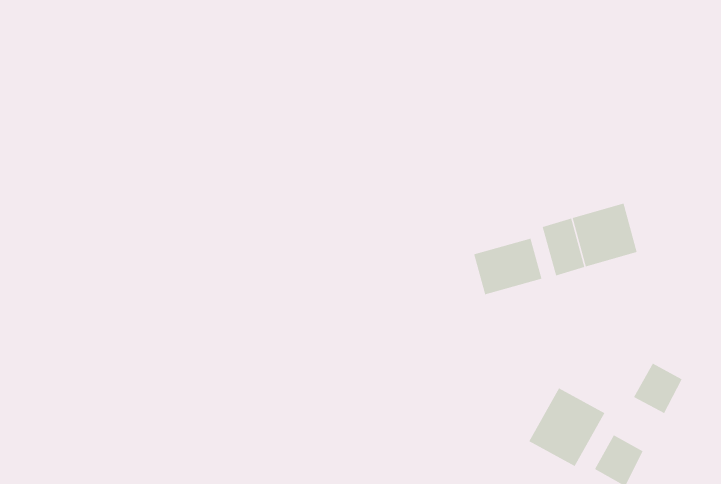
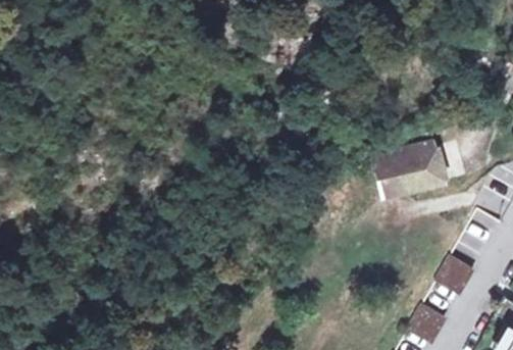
building: [474,238,542,295] -> none
building: [529,388,605,467] -> none

